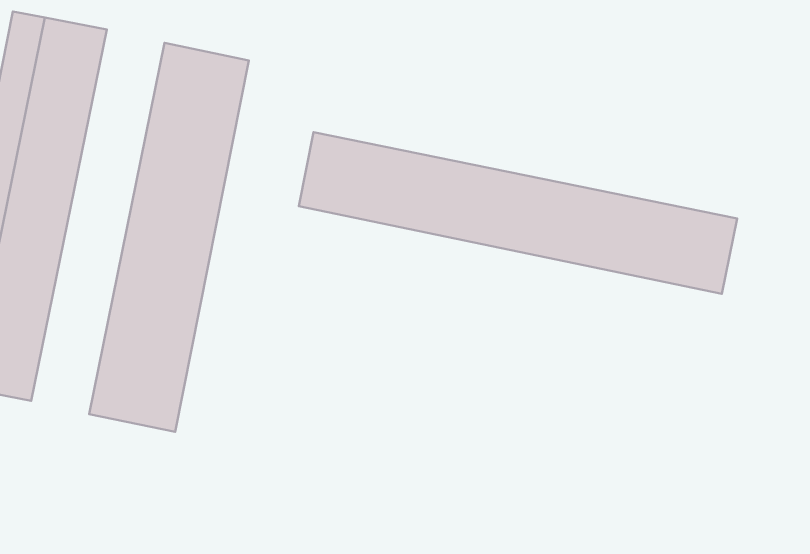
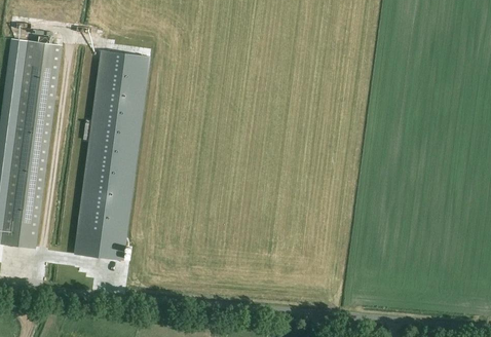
building: [299,132,737,294] -> none

